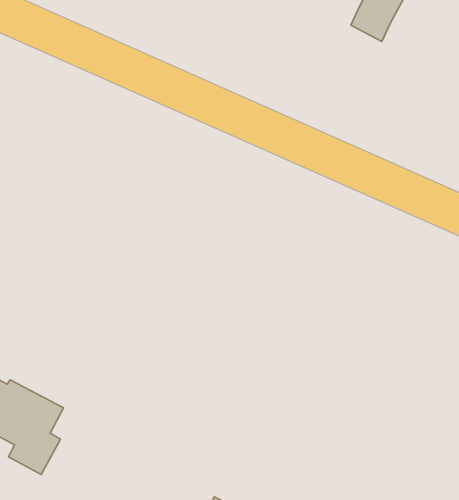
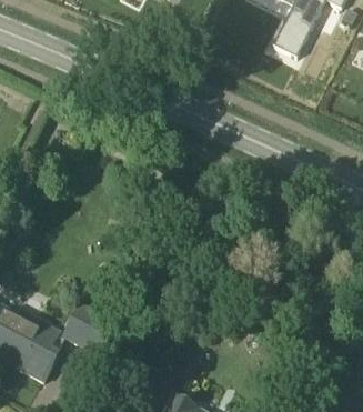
building: none -> [74,308,117,352]

